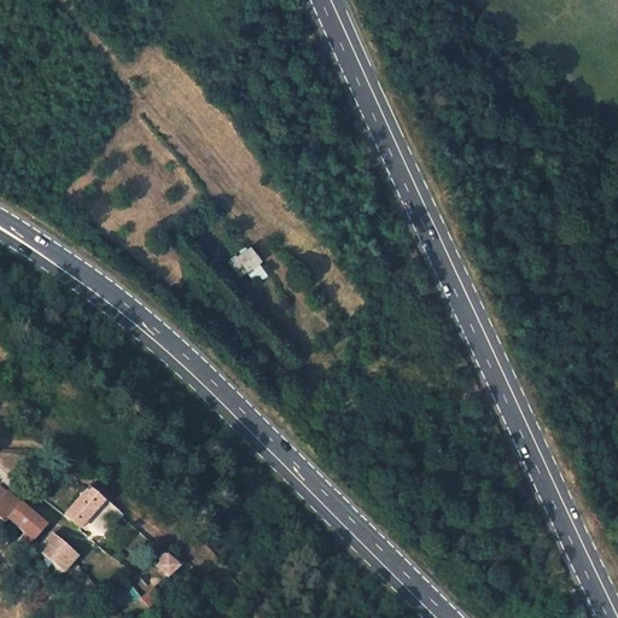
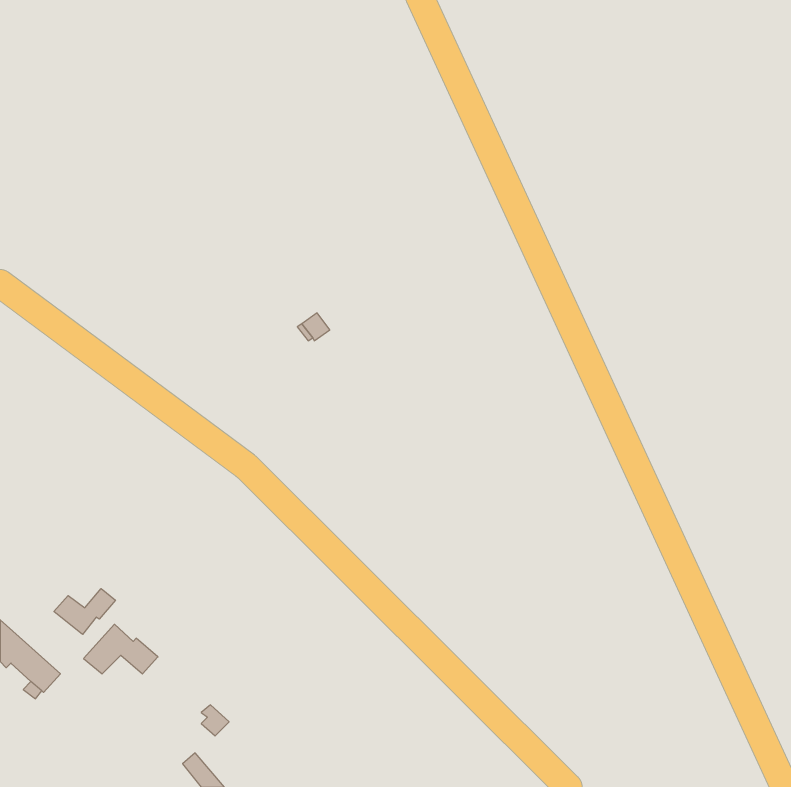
building: none -> [54,589,115,634]
building: [39,534,76,570] -> none

